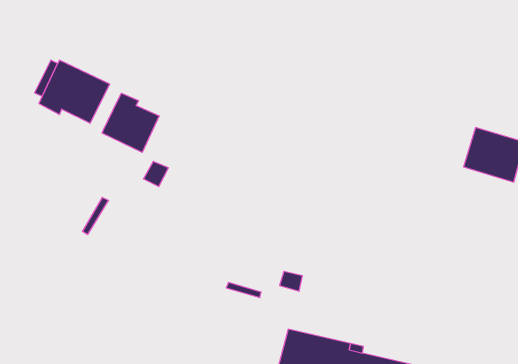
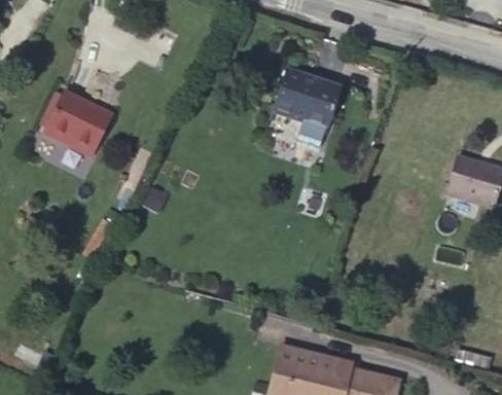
building: none -> [270,69,342,146]
building: [102,93,159,152] -> none

